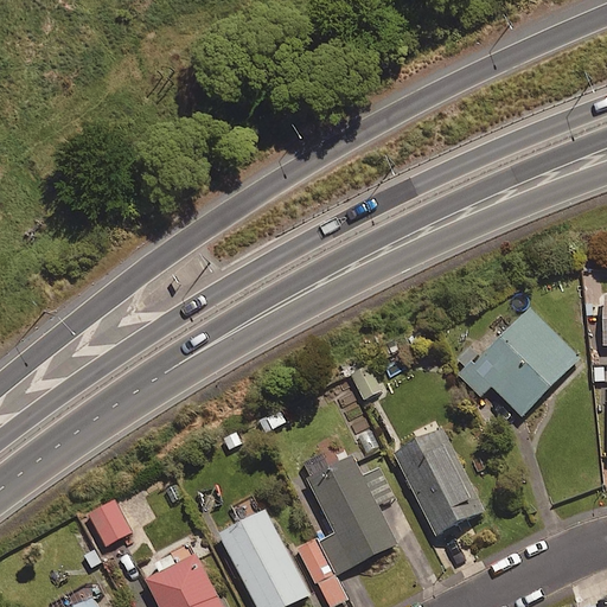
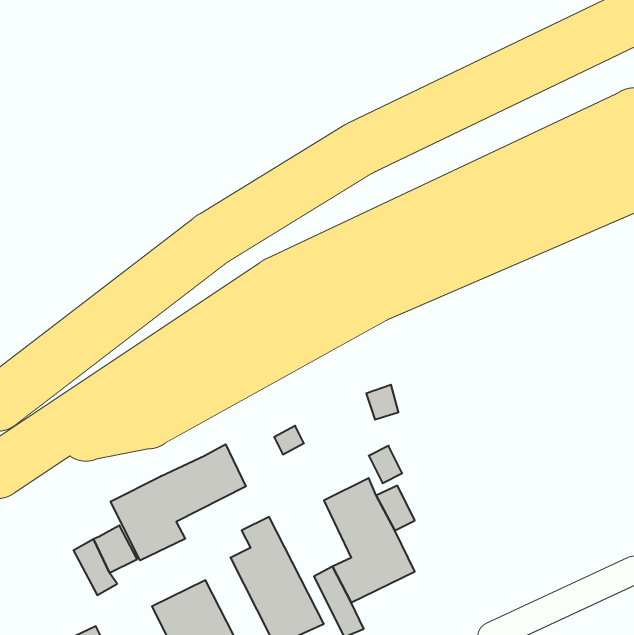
building: [460,308,579,416] -> none
building: none -> [111,444,246,560]
building: [394,427,483,535] -> none

